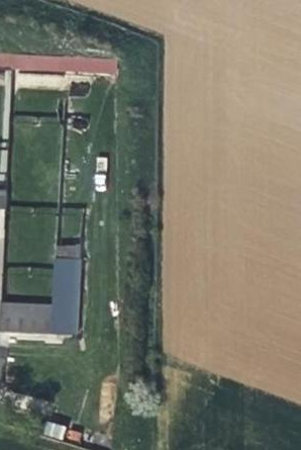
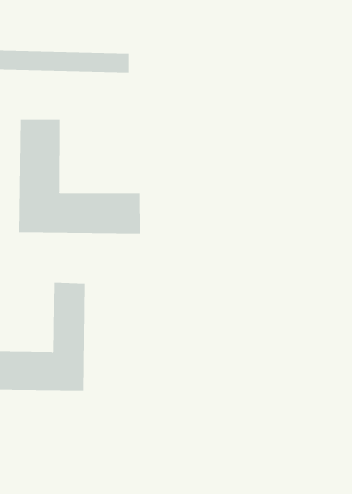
building: none -> [18,119,140,234]

